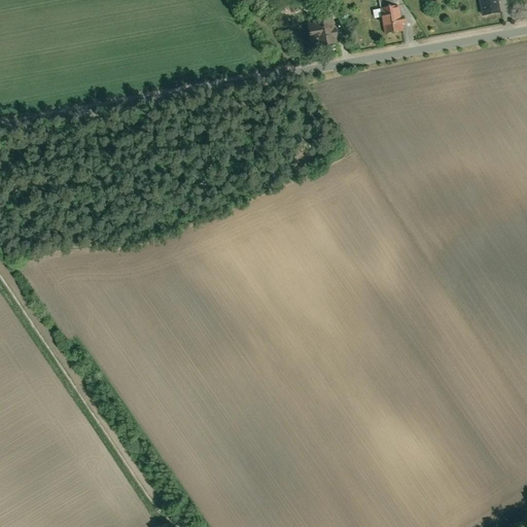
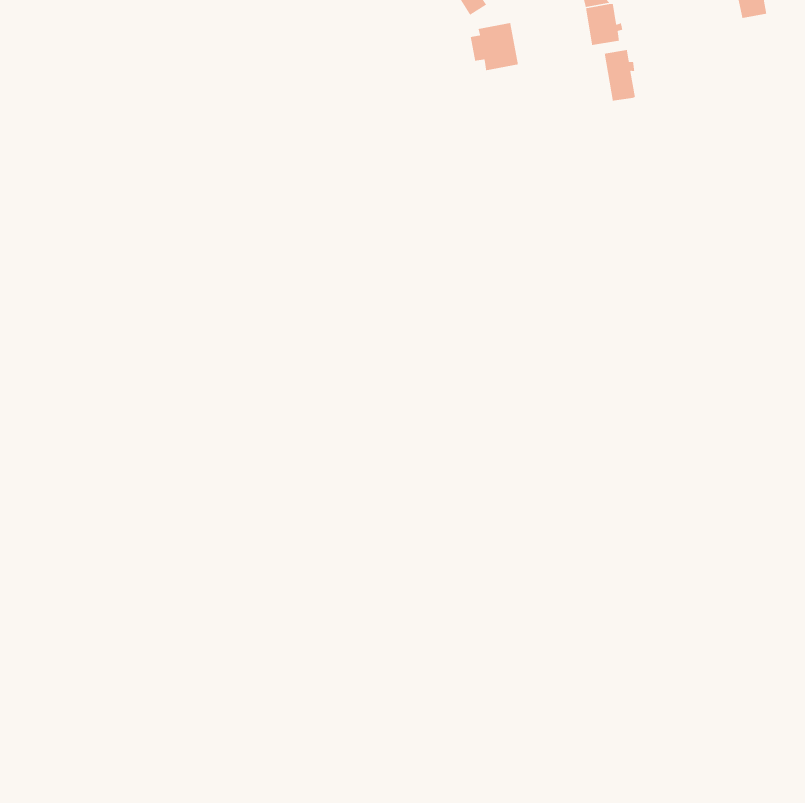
building: none -> [604,49,636,102]

